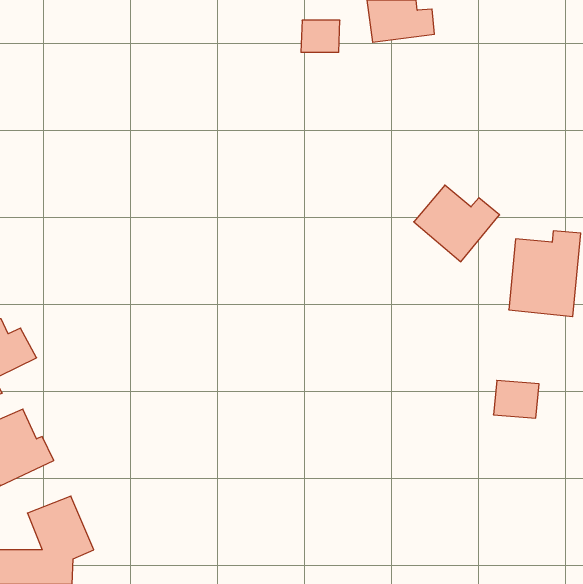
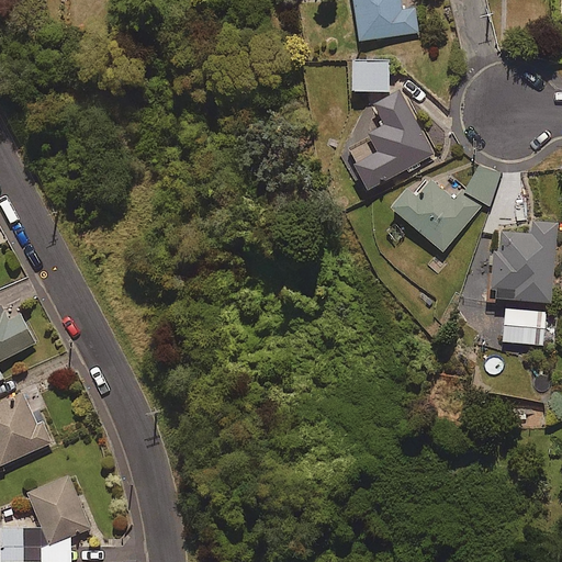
building: [301,20,340,52] -> [351,60,389,91]
building: none -> [349,91,432,188]
building: [493,380,539,418] -> [502,308,546,345]

